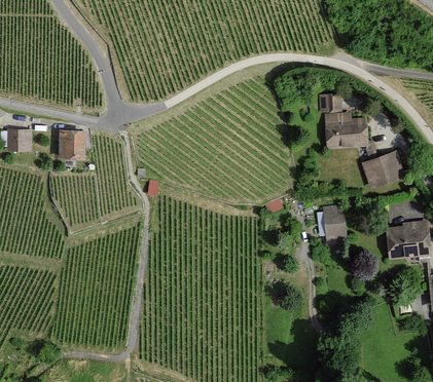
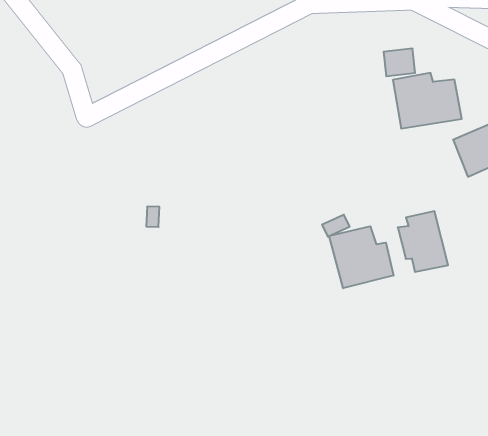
building: [61,130,88,160] -> none
building: none -> [329,226,393,288]

